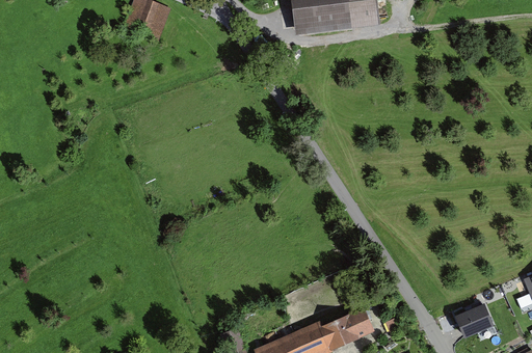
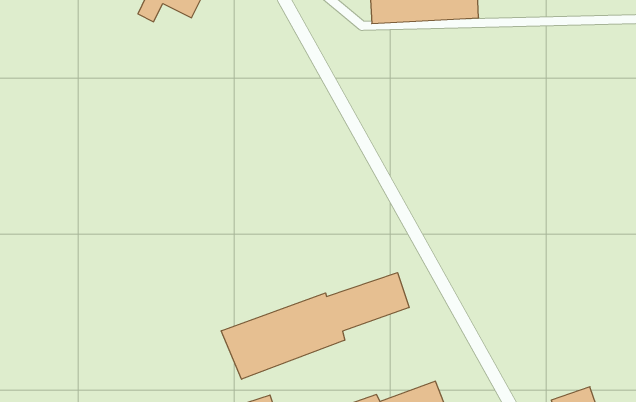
building: none -> [221,273,409,379]

